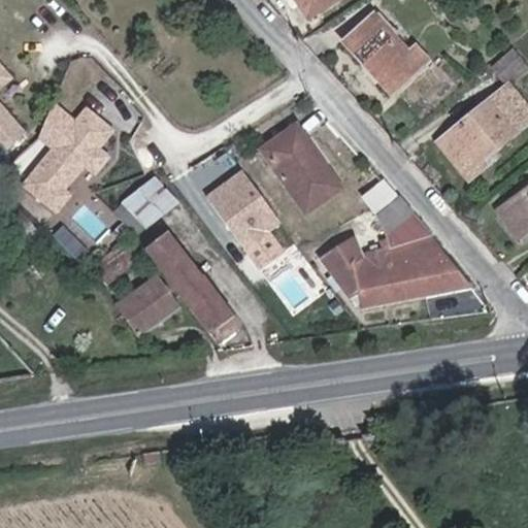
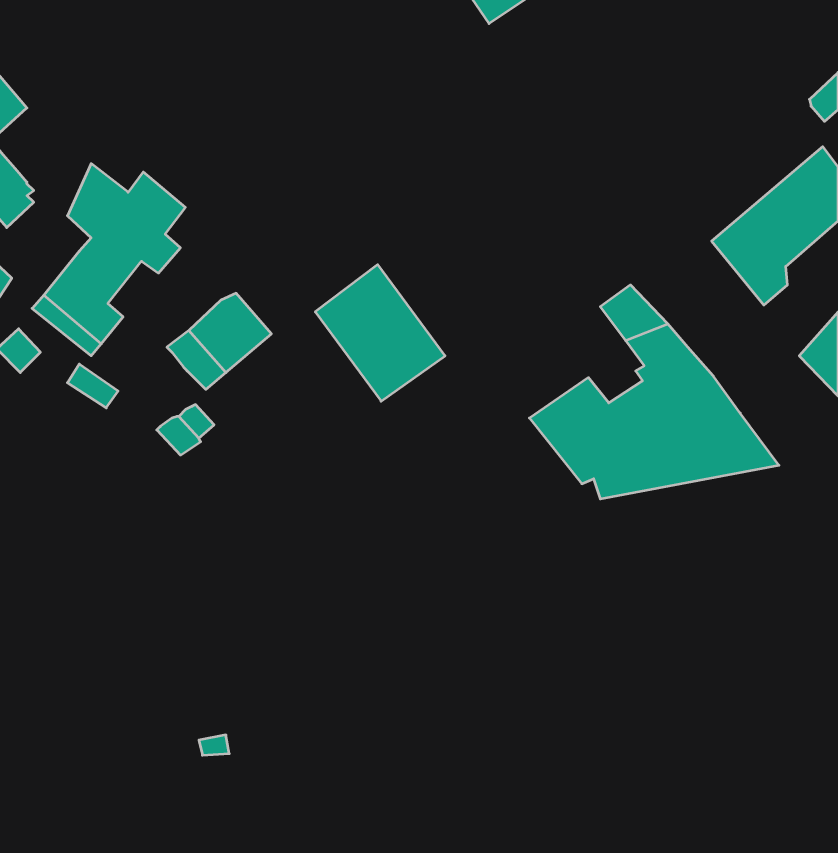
building: [344,15,428,100] -> none
building: [268,119,345,204] -> none
building: [137,232,237,335] -> none
building: [116,280,182,338] -> none

